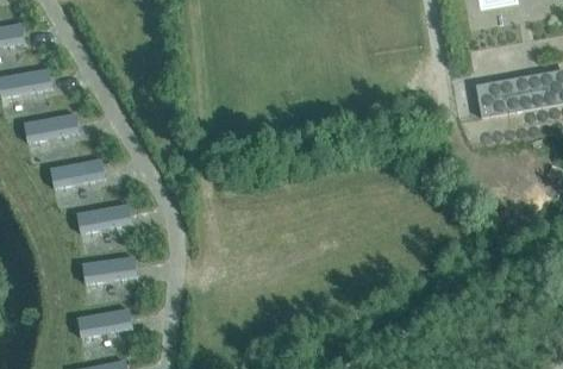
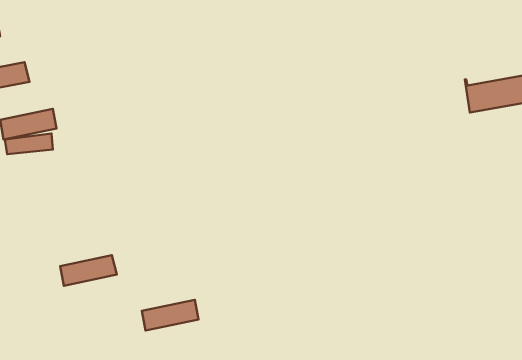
building: [51,160,106,189] -> none
building: [77,204,132,233] -> none
building: [79,308,133,338] -> [142,300,198,331]

